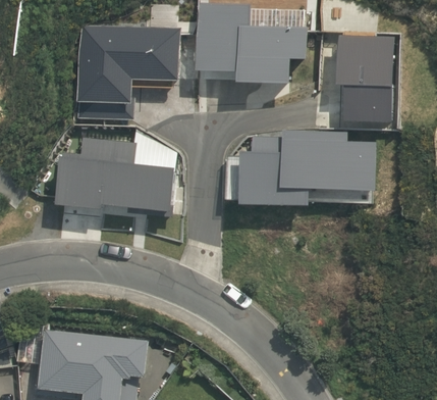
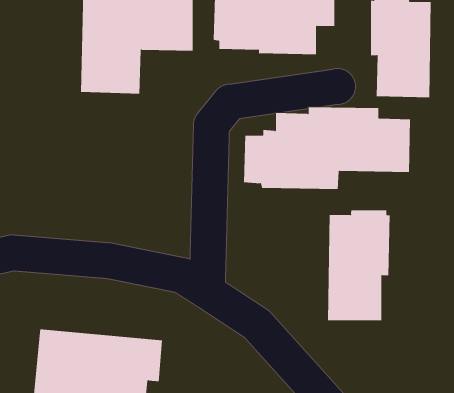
building: [55,137,174,212] -> none
building: none -> [327,209,390,321]

